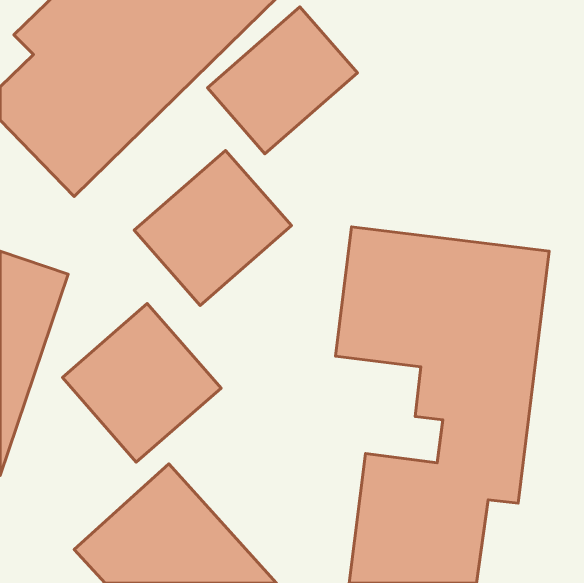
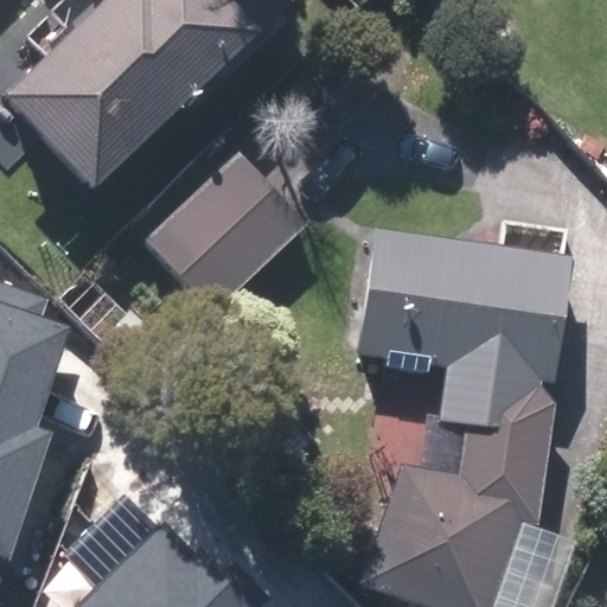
building: [207,7,357,154] -> none
building: [62,304,221,462] -> none

